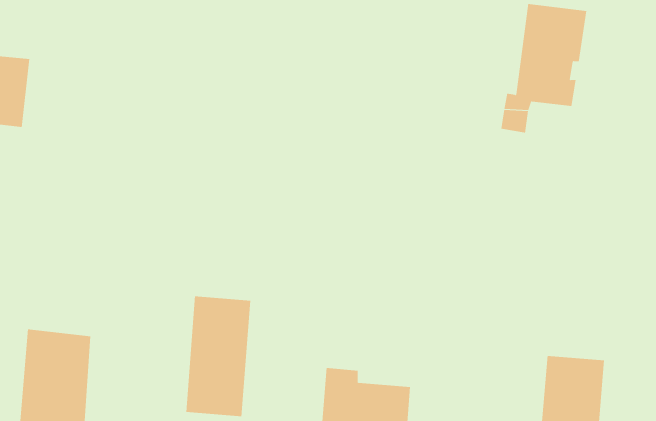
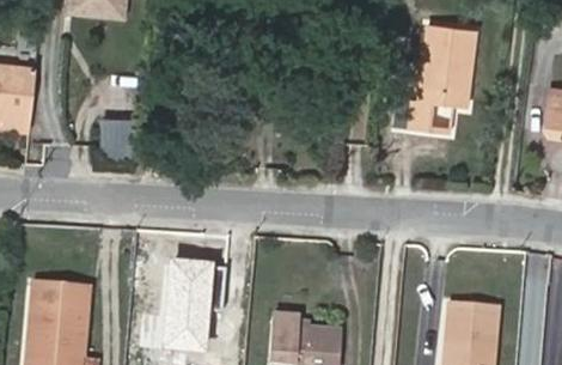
building: none -> [99,121,134,162]

